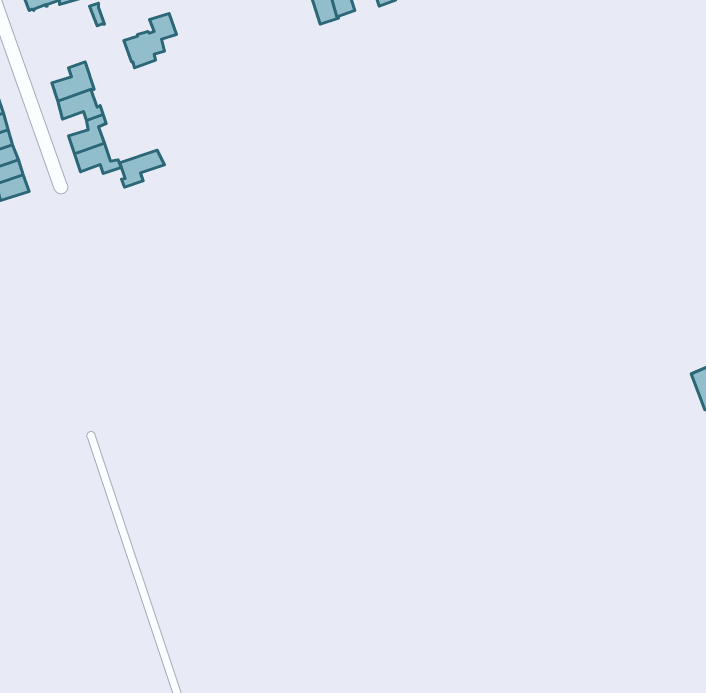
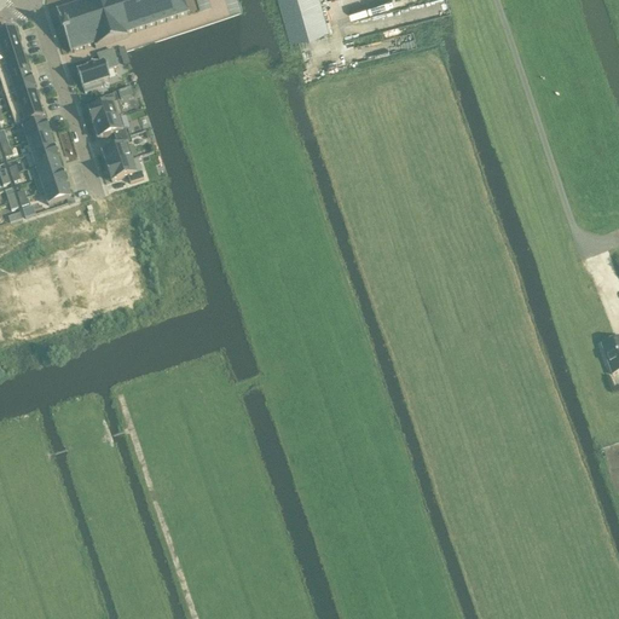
building: [124,13,177,68] -> [76,44,118,87]
building: [119,150,164,187] -> none

